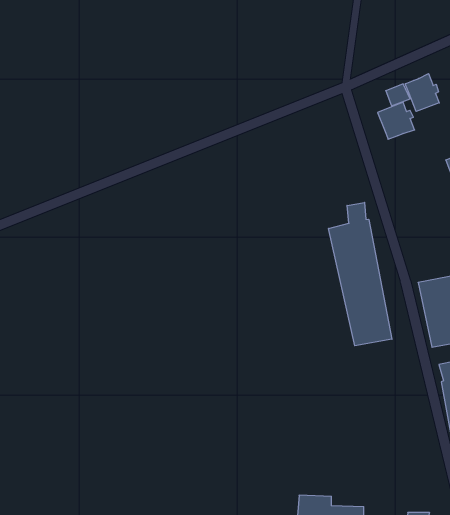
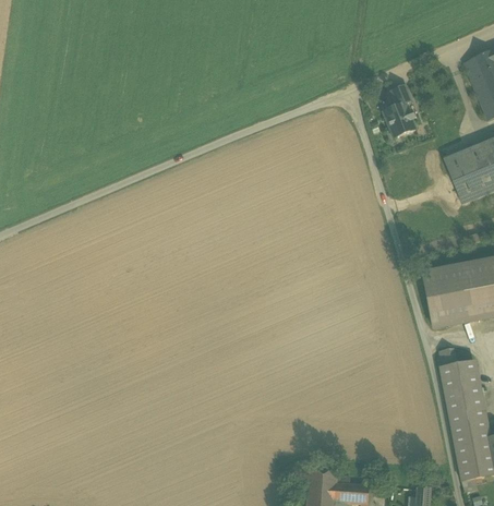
building: [405,74,439,111] -> none
building: [329,202,392,346] -> none

